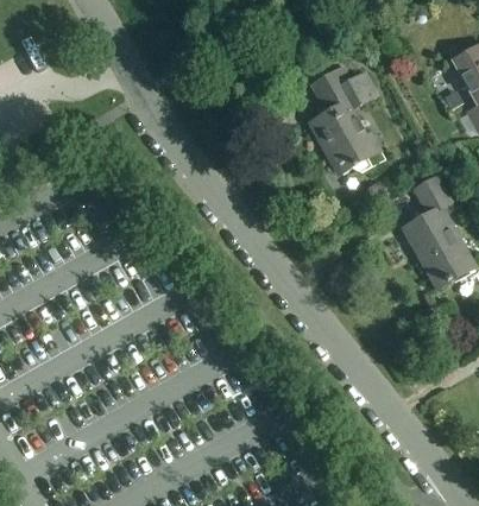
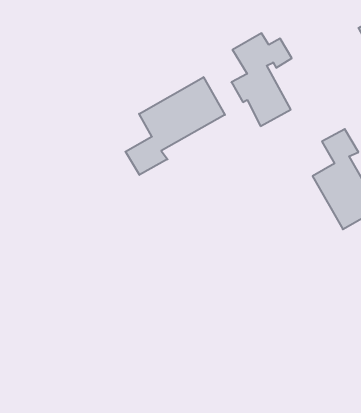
building: none -> [125,77,225,175]

